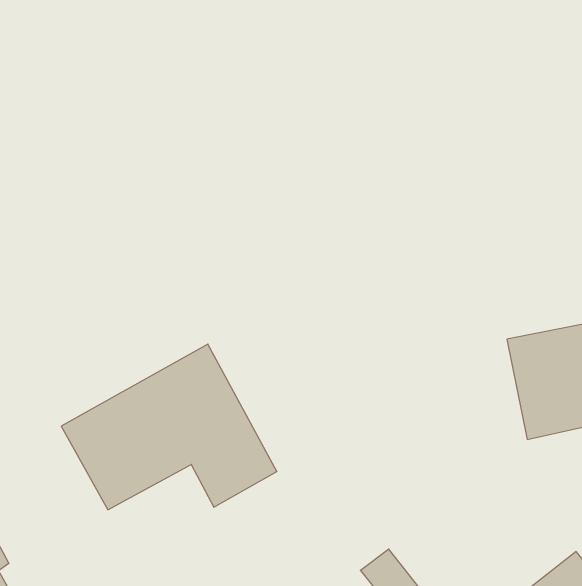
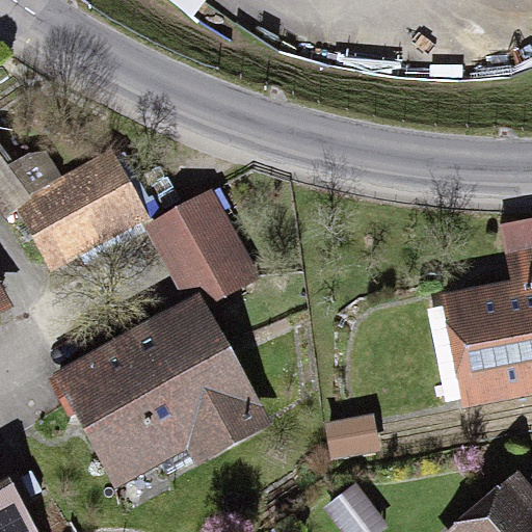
building: none -> [19,157,137,258]
building: none -> [155,195,251,307]

